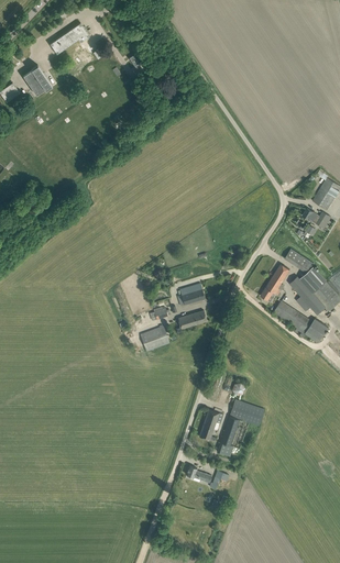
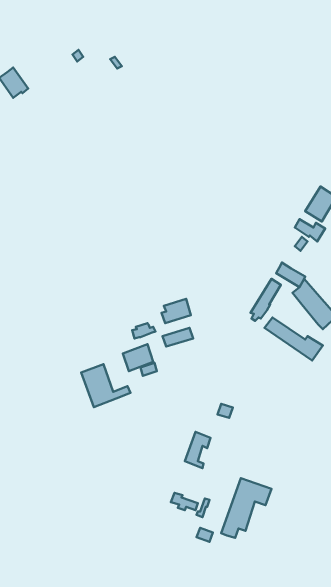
building: [50,22,90,54] -> none
building: [289,275,325,314] -> none
building: none -> [81,364,131,407]
building: [217,399,264,455] -> [221,478,271,538]

